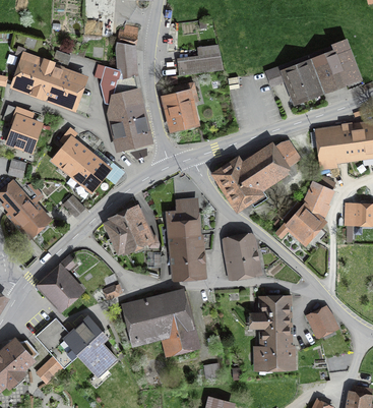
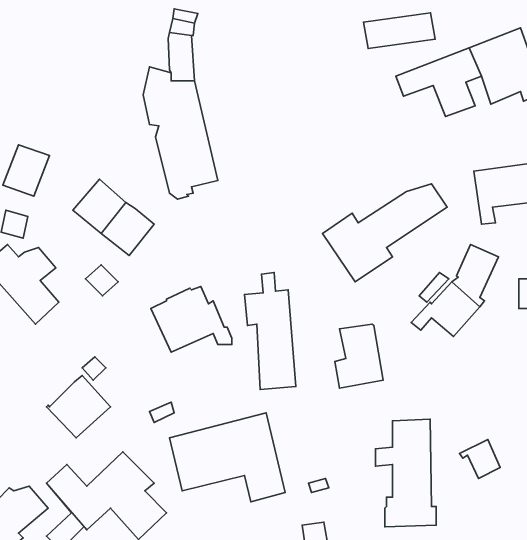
building: [177,53,224,76] -> [363,13,435,49]
building: [15,54,81,104] -> none
building: [165,82,198,128] -> none

